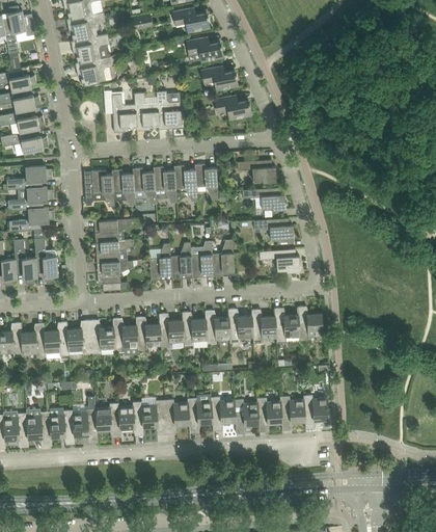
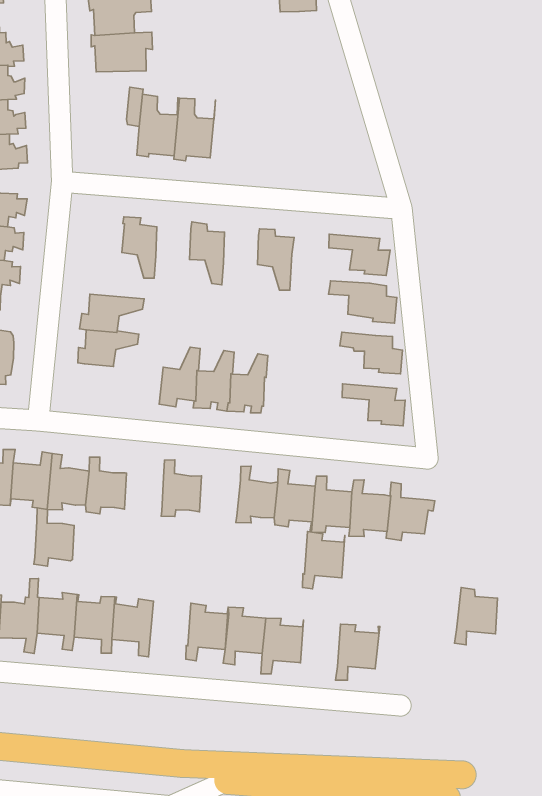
building: [186,36,222,60] -> none
building: [200,64,238,89] -> none
building: [156,90,181,129] -> none
building: [214,95,250,118] -> none
building: [173,164,197,201] -> none
building: [132,167,156,203] -> none
building: [83,169,114,206] -> none
building: [211,238,234,275] -> none
building: [97,260,133,290] -> none
building: [182,311,207,345] -> none
building: [135,316,161,350] -> [34,508,74,566]
building: [303,394,328,428] -> [455,587,497,645]
building: [256,396,281,431] -> [303,532,345,589]
building: [164,397,189,433] -> none

